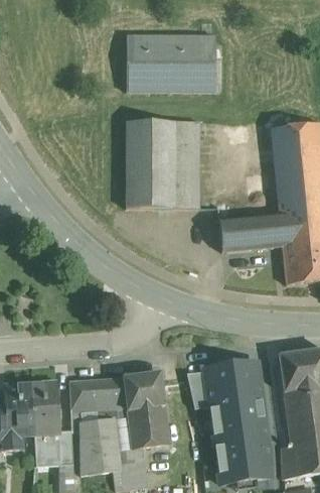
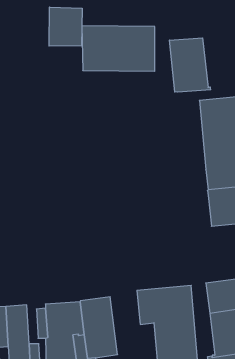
building: none -> [49,7,82,46]
building: none -> [170,38,211,92]
building: [127,120,200,207] -> none
building: [219,213,283,251] -> none

